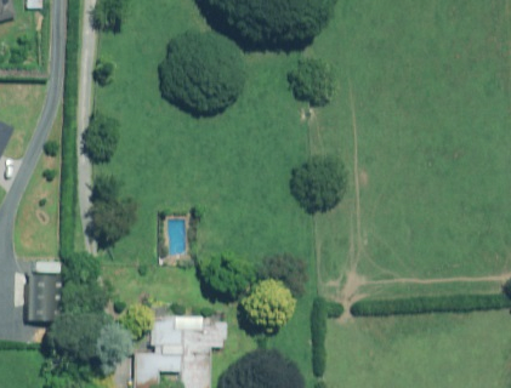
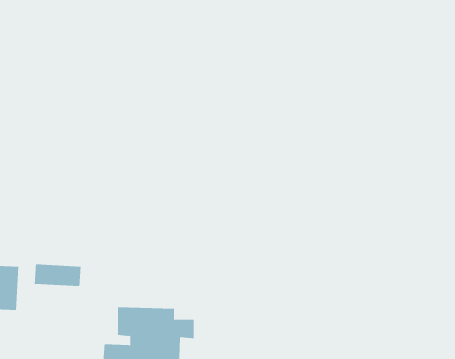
building: none -> [34,263,81,287]

